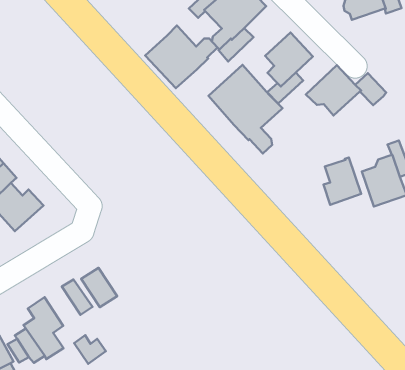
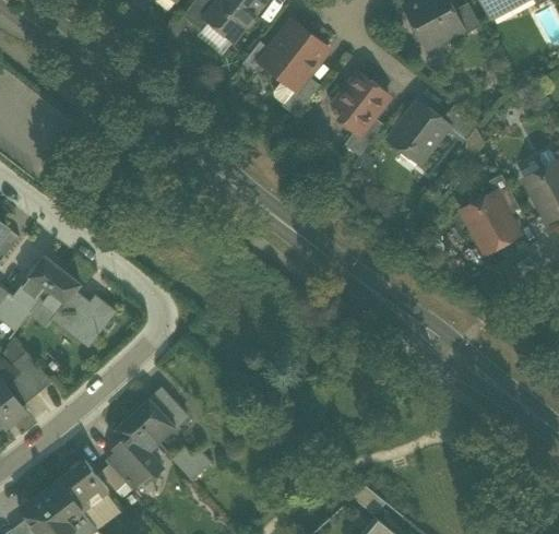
building: [145,26,218,88] -> none
building: [208,65,282,153] -> none
building: [323,157,361,205] -> none
building: [81,268,117,307] -> [132,399,176,442]

